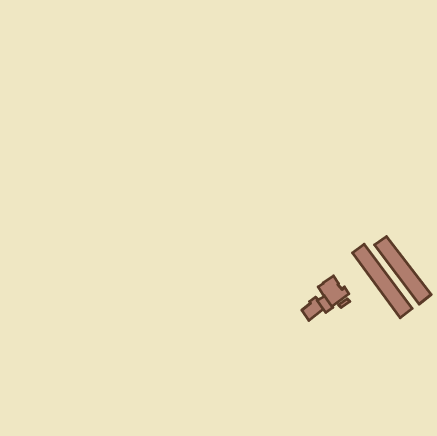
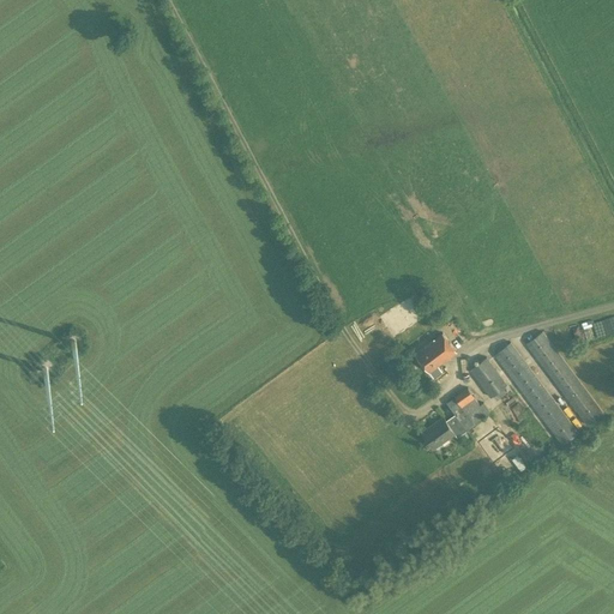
building: none -> [415,335,456,379]
building: none -> [469,359,507,403]

